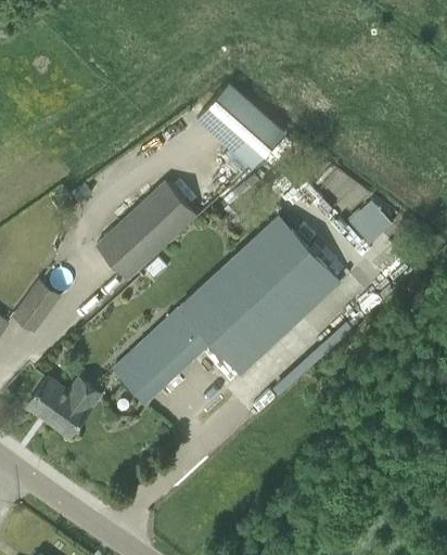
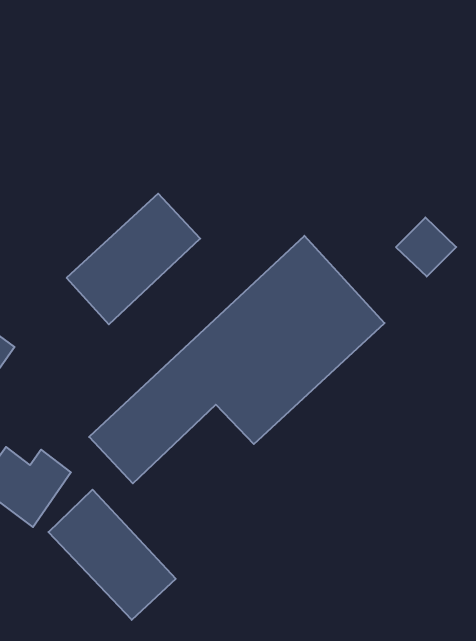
building: [195,82,282,168] -> none
building: none -> [48,490,176,620]

